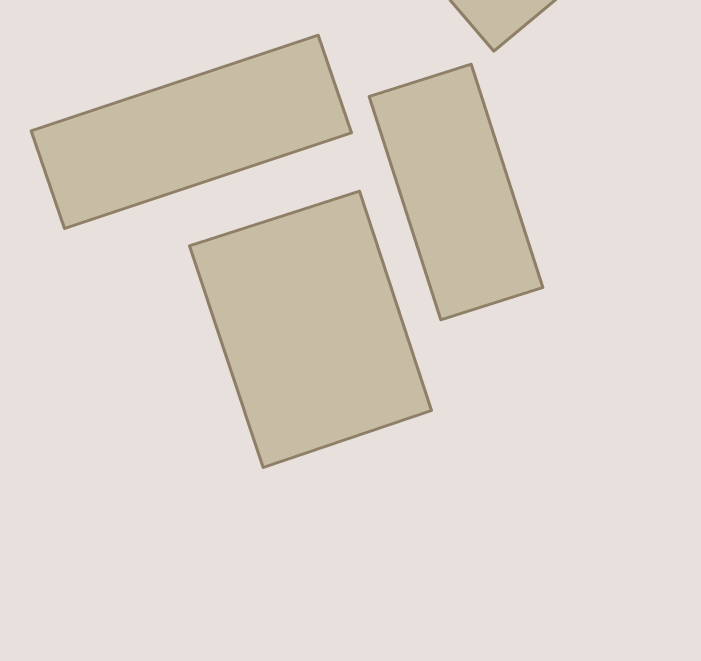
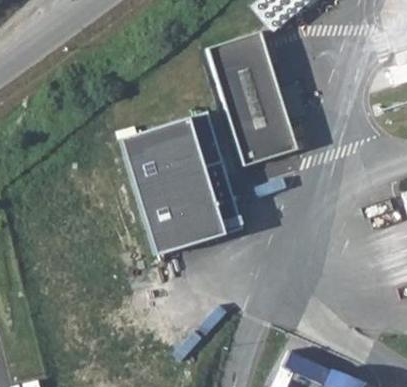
building: [31,35,352,229] -> none

